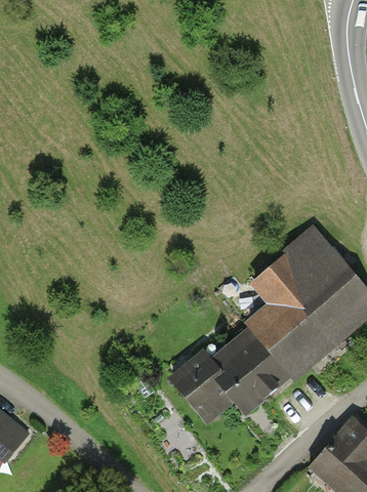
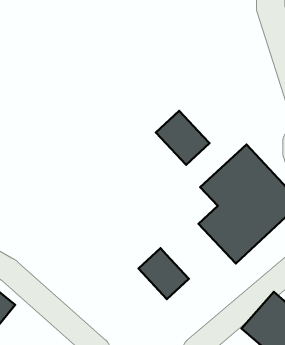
building: none -> [156,111,210,165]
building: [210,328,298,416] -> none

